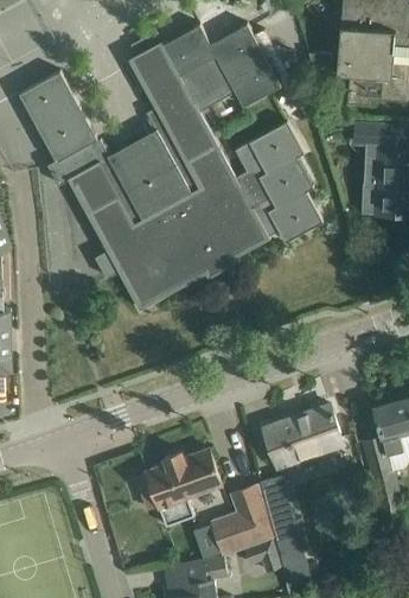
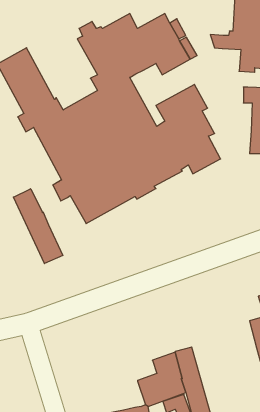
building: none -> [13,189,63,264]
building: [263,405,343,466] -> none
building: [136,448,222,527] -> none

